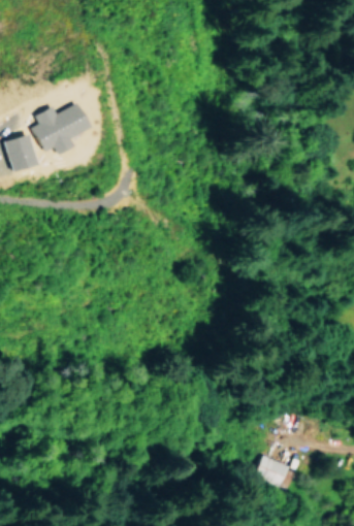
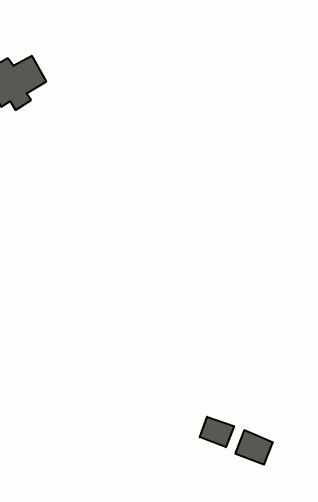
building: none -> [200,417,234,447]

